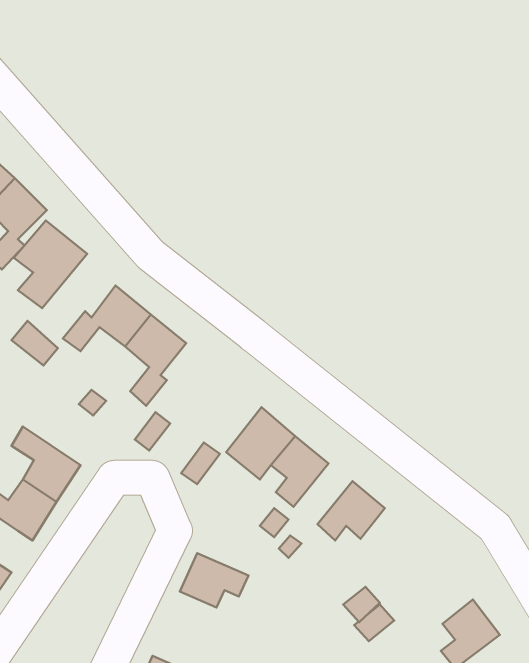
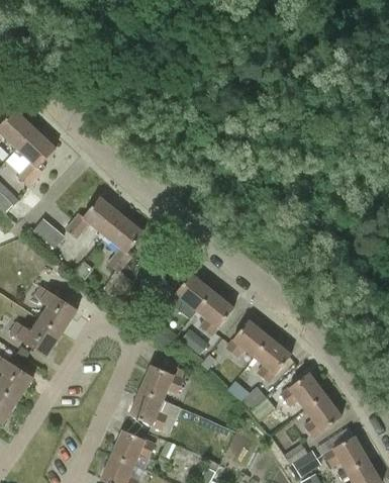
building: [14,221,87,308] -> none
building: none -> [254,336,291,381]
building: none -> [280,372,324,409]
building: none -> [128,389,167,428]

